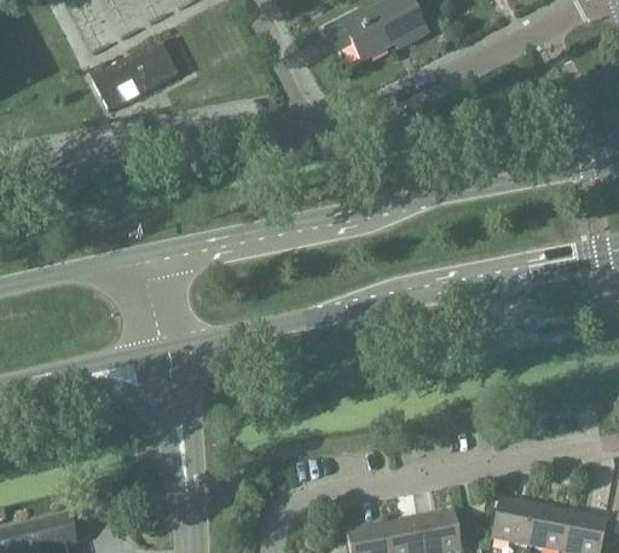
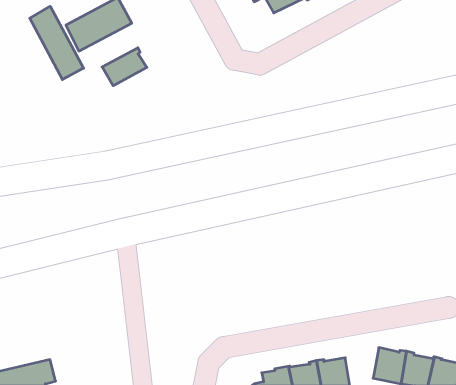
building: none -> [30,6,84,80]
building: none -> [102,48,147,86]

